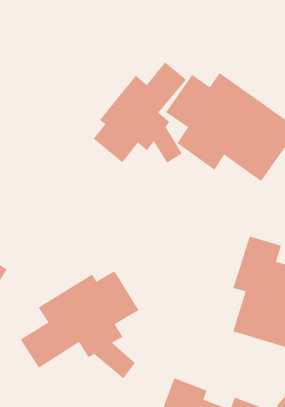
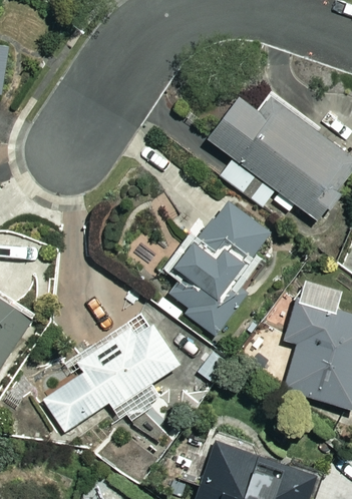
building: [93,61,187,164] -> none
building: none -> [166,201,270,335]

